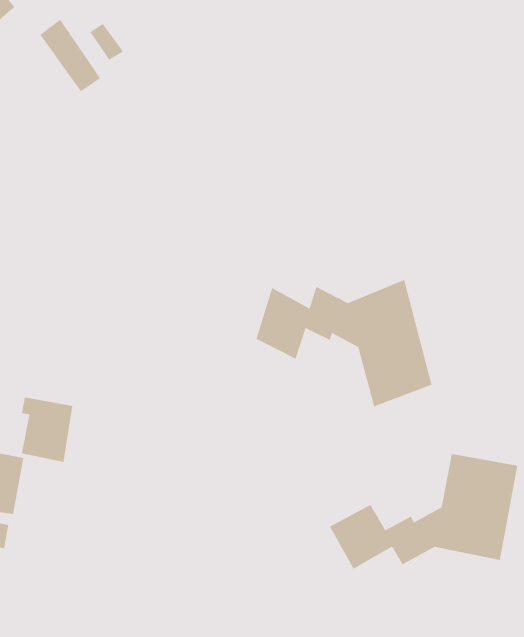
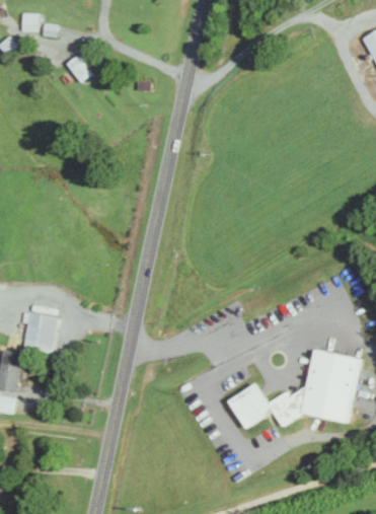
building: [40,19,101,92] -> none
building: [256,279,432,407] -> none

